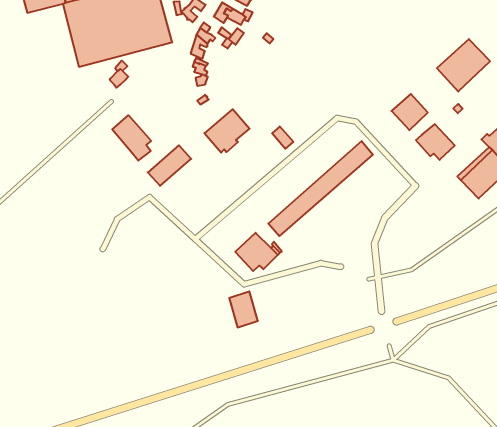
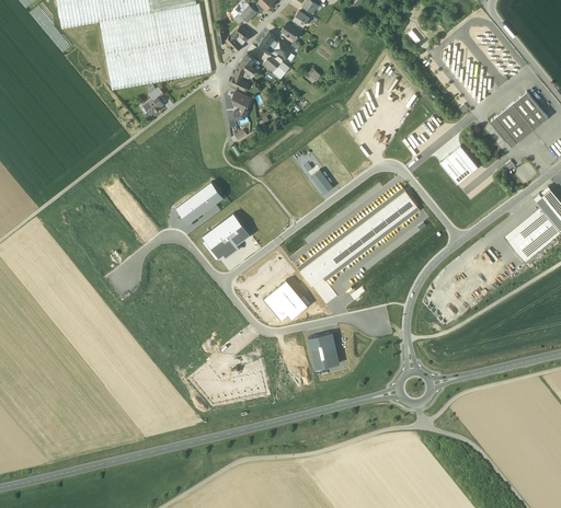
building: [204,109,250,153] -> [203,212,251,257]
building: [112,115,151,161] -> none
building: [416,124,455,160] -> none
building: [229,291,258,327] -> [308,332,336,369]

